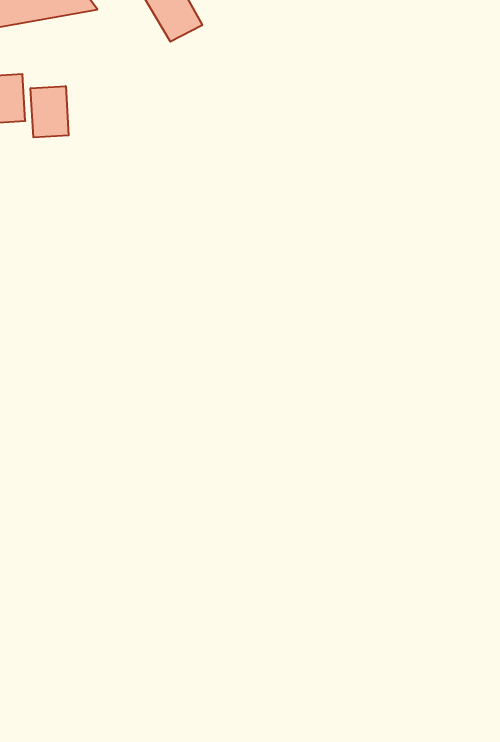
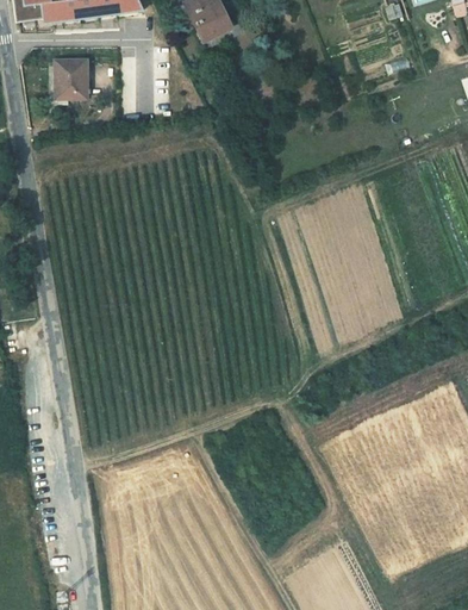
building: [31,86,69,137] -> none

